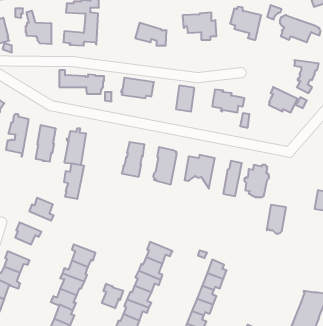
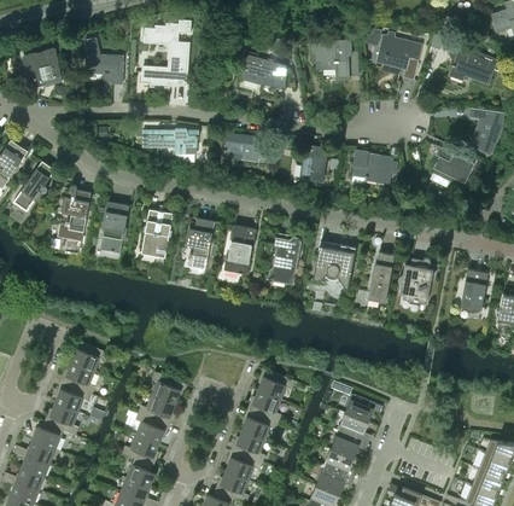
building: [64,163,84,199] -> [186,217,215,268]
building: [29,198,54,221] -> [60,361,95,394]
building: [267,205,286,234] -> [461,268,489,309]
building: [102,284,123,308] -> none

